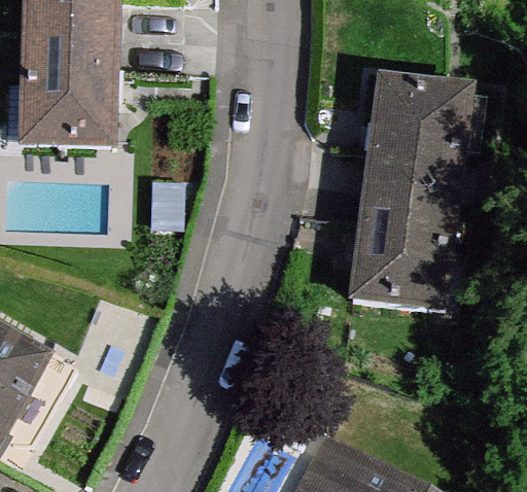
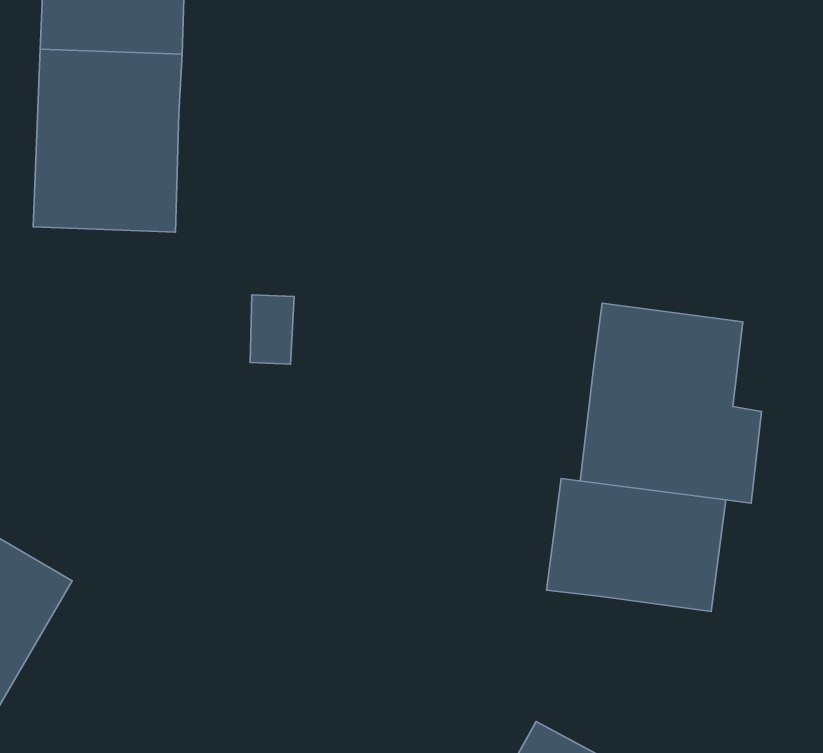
building: [368,81,487,200] -> none
building: none -> [546,479,726,611]

